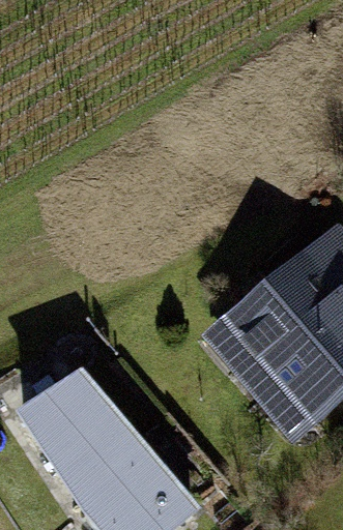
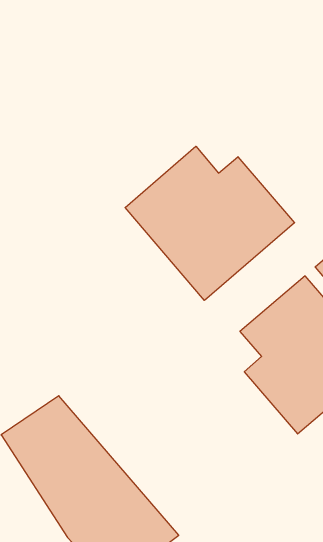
building: none -> [125,146,295,300]

